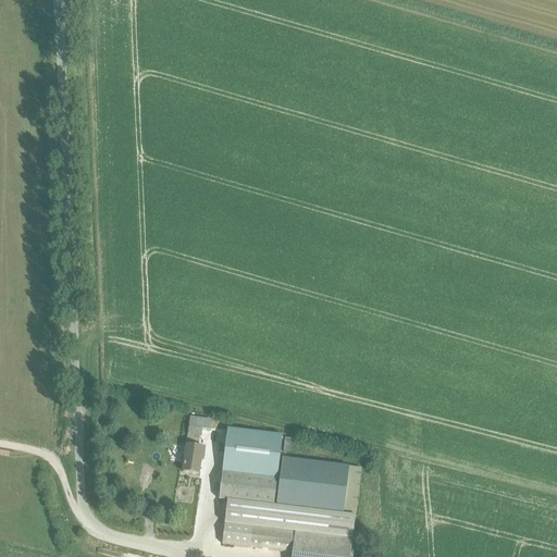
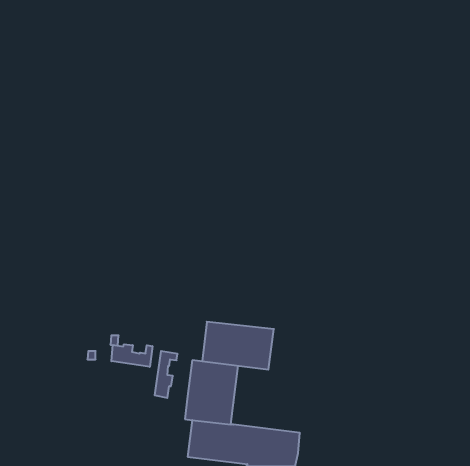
building: none -> [111,344,152,367]
building: [276,456,361,512] -> [202,322,274,370]

